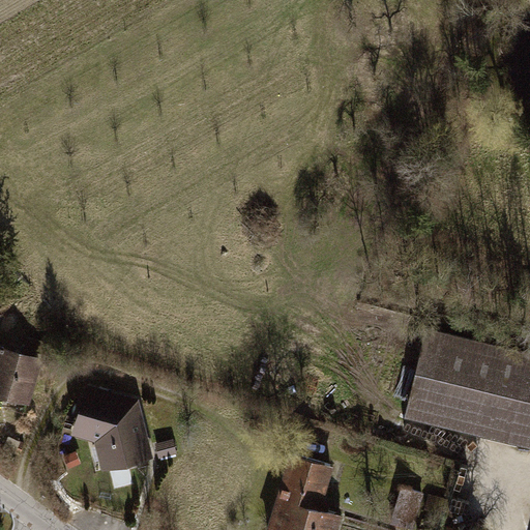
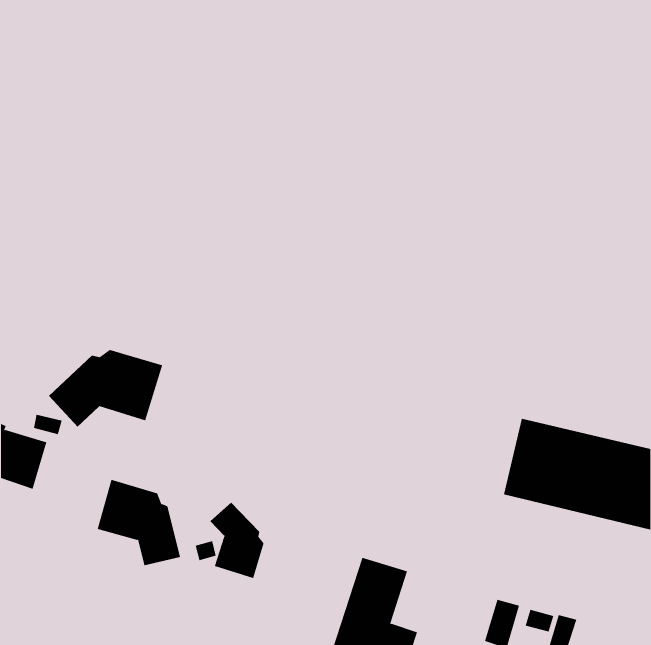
building: none -> [48,349,163,427]
building: none -> [210,502,264,579]

